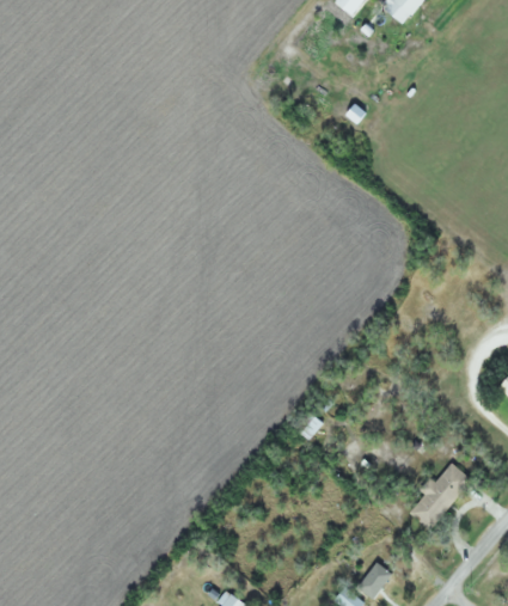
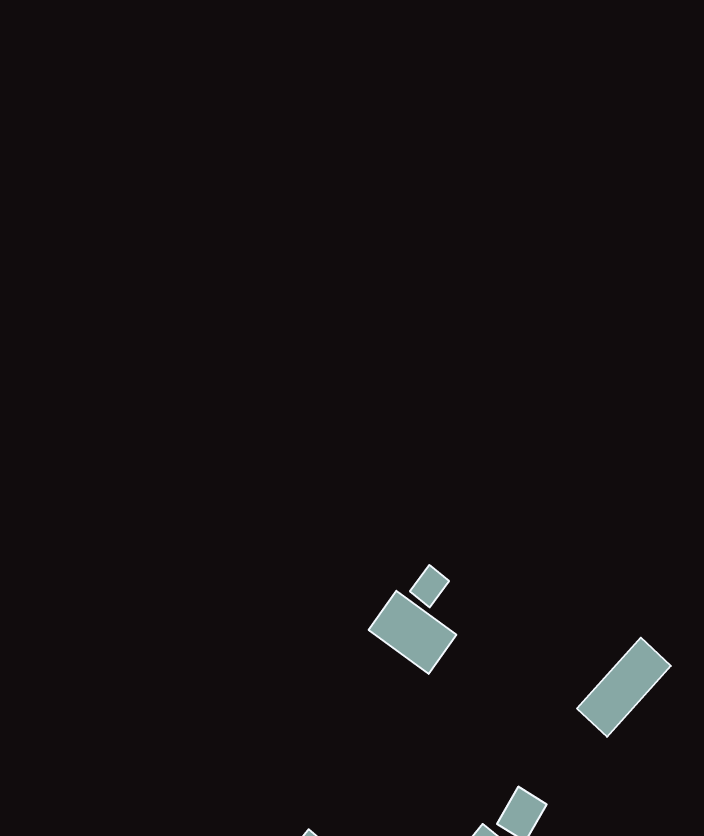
building: none -> [369,591,456,674]

